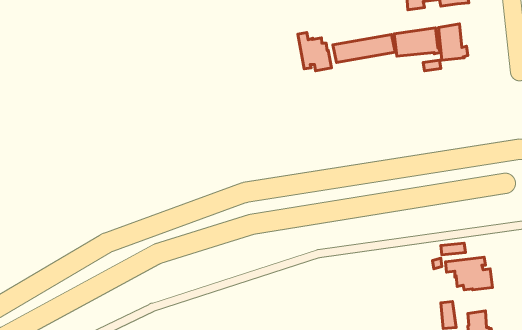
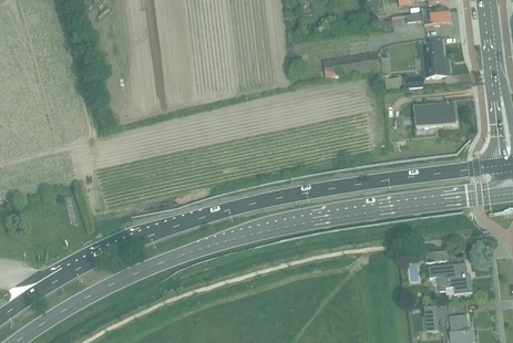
building: [394,28,440,56] -> [413,100,456,126]
building: [298,32,332,71] -> none

